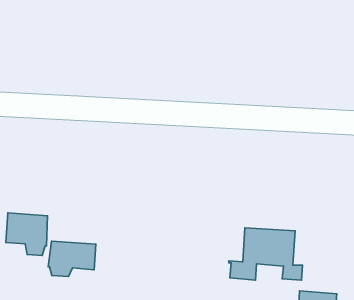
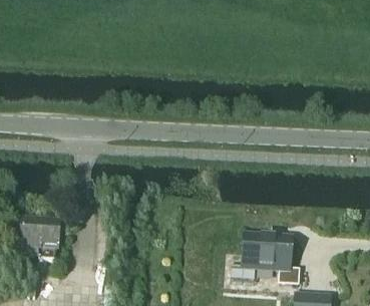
building: [48,241,96,277] -> none

